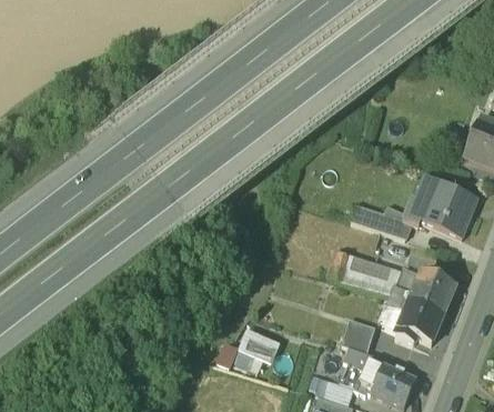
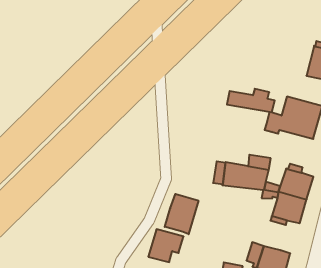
building: [349,204,410,238] -> [227,89,275,112]
building: none -> [165,194,198,234]
building: [340,318,374,352] -> none

